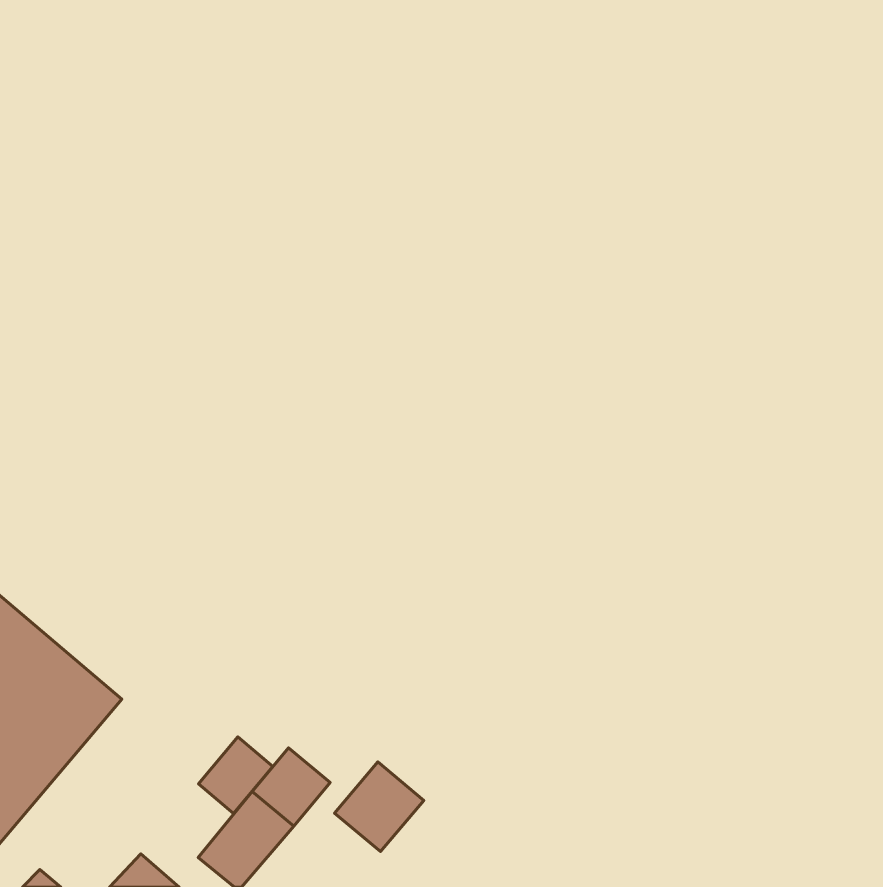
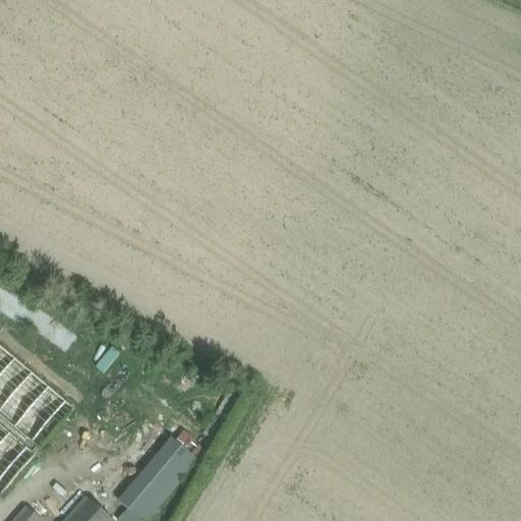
building: [198,737,273,814] -> none
building: [335,762,424,852] -> none

